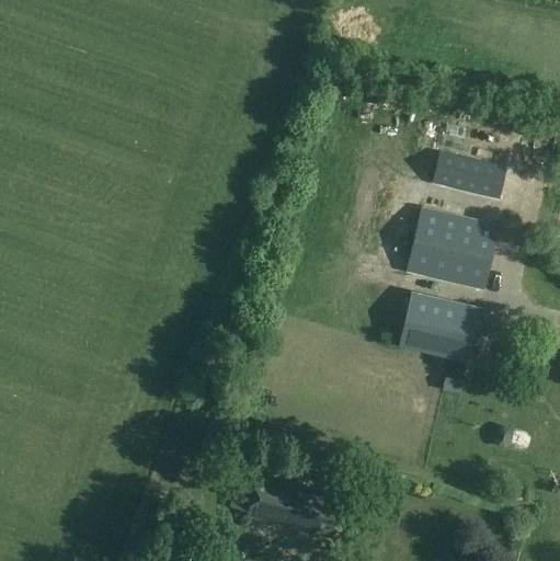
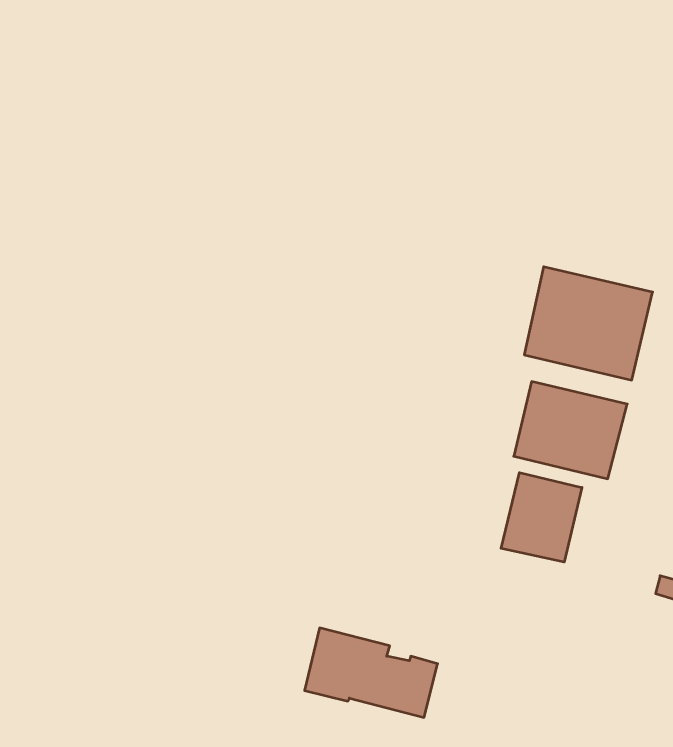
building: [432,150,506,198] -> none
building: none -> [501,473,582,562]

